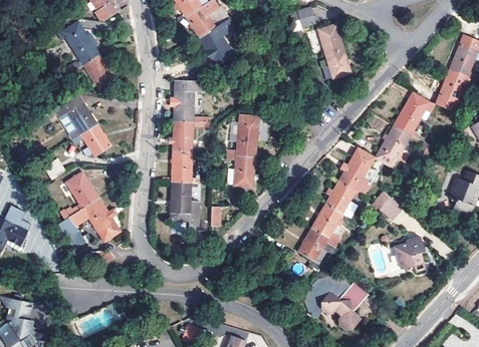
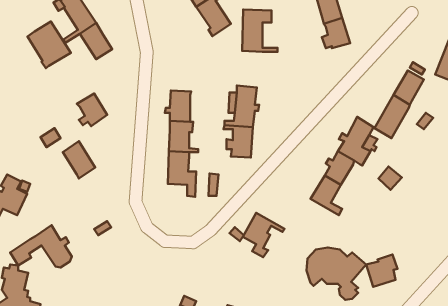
building: [173,80,208,122] -> [242,9,278,52]
building: [53,93,96,139] -> [27,21,71,68]
building: [56,198,117,240] -> [10,225,72,268]
building: [298,229,339,273] -> [243,213,284,257]
building: [394,236,425,268] -> [366,255,398,287]

